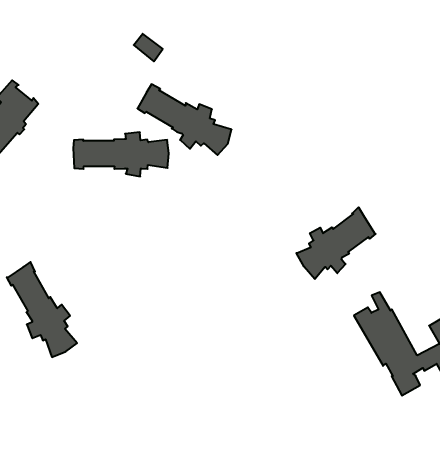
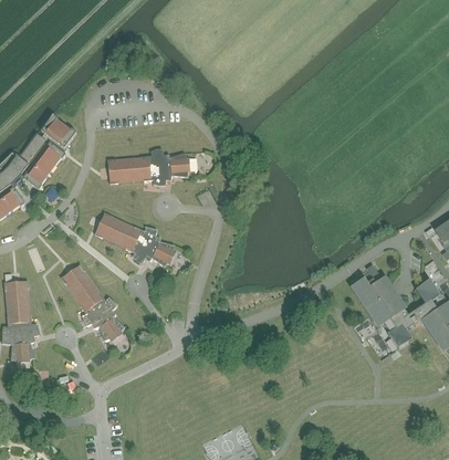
building: [137,84,232,155] -> [95,213,175,268]
building: [296,207,376,279] -> none

